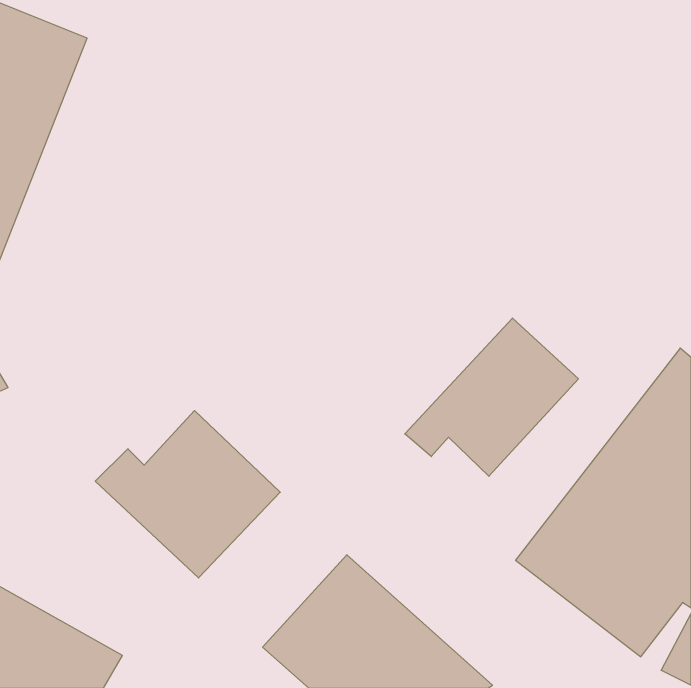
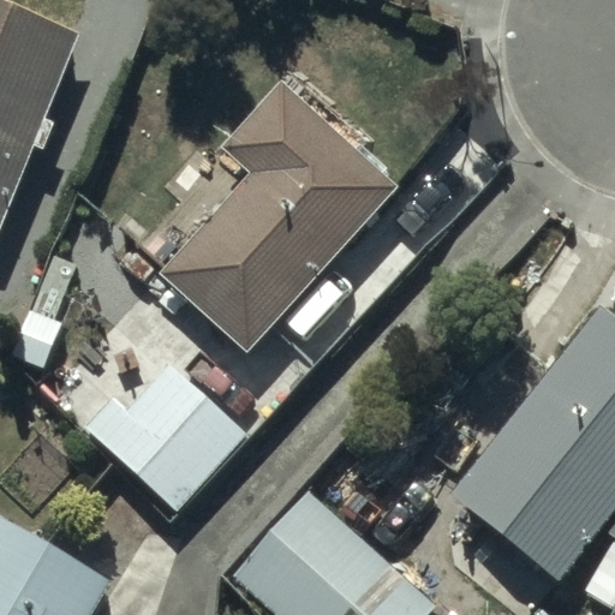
building: none -> [162,83,396,350]
building: [405,318,578,476] -> none

